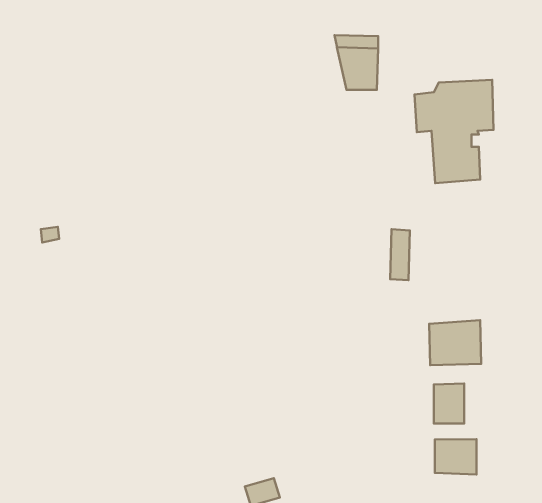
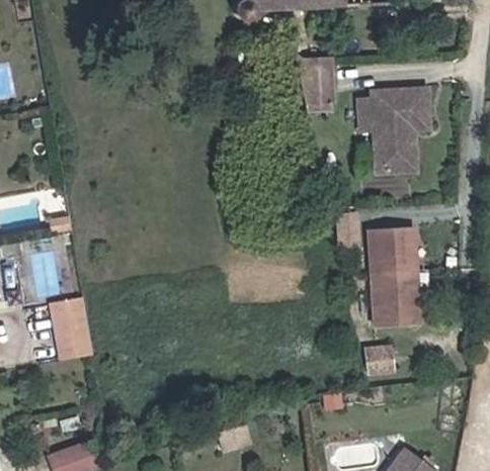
building: none -> [371,233,413,293]
building: none -> [53,304,90,355]
building: [435,439,476,474] -> none

